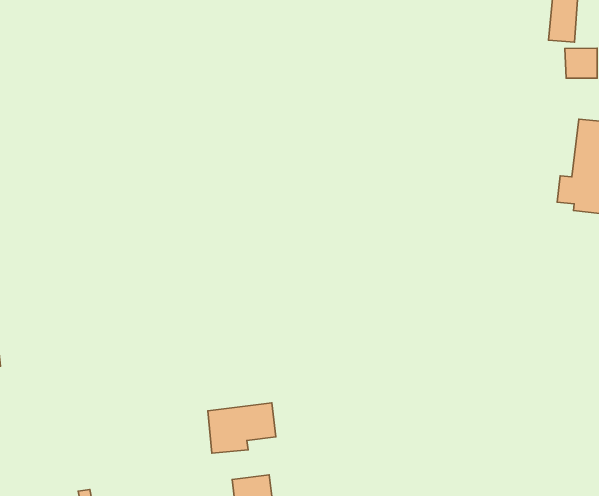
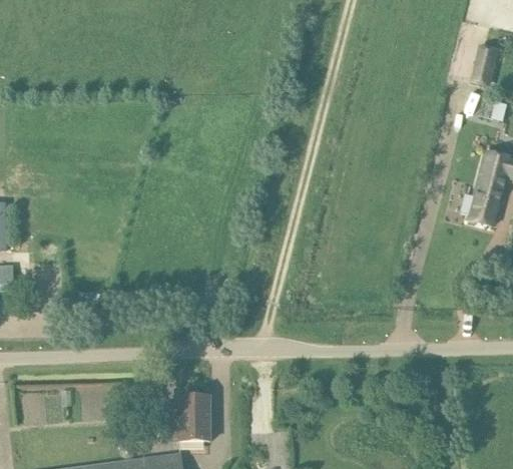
building: [208,403,276,453] -> none

